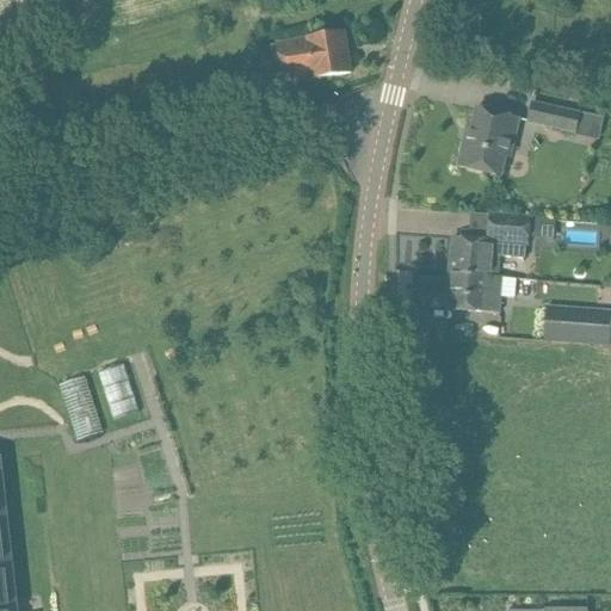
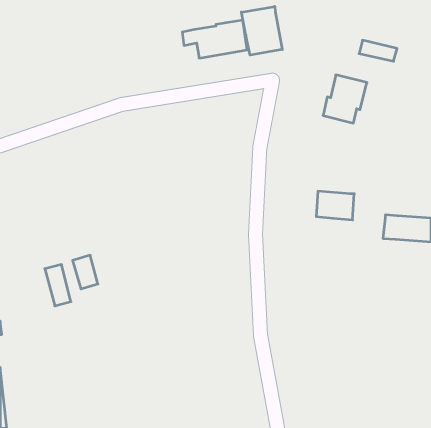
building: none -> [241,6,282,55]
building: [527,100,581,130] -> [359,40,397,61]
building: [450,210,530,274] -> none

